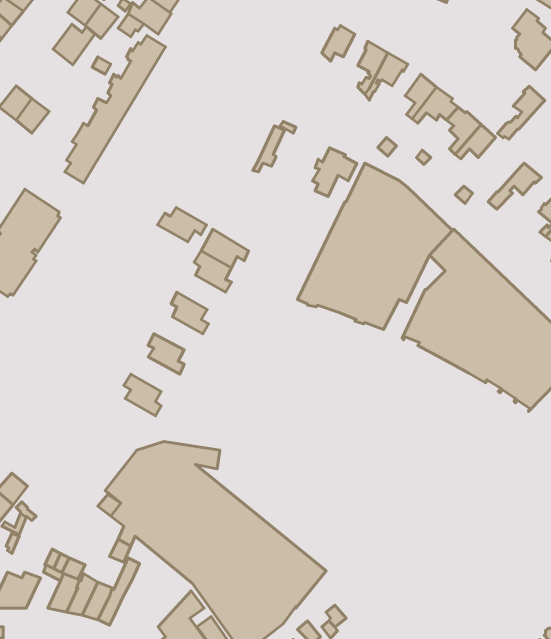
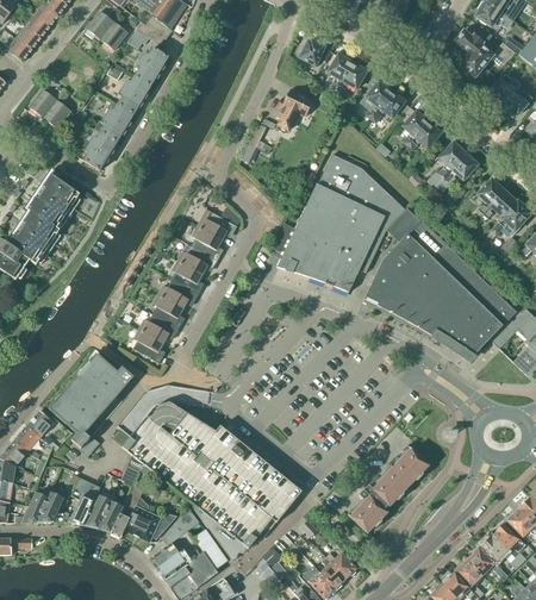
building: [53,24,95,65] -> none
building: [497,86,545,139] -> [425,142,465,186]
building: [312,148,357,197] -> [275,89,312,130]
building: [158,207,206,242] -> [176,246,217,275]
building: none -> [157,281,198,308]
building: none -> [138,314,179,343]
building: none -> [49,350,131,454]
building: none -> [350,445,428,533]
building: none -> [124,499,176,542]

